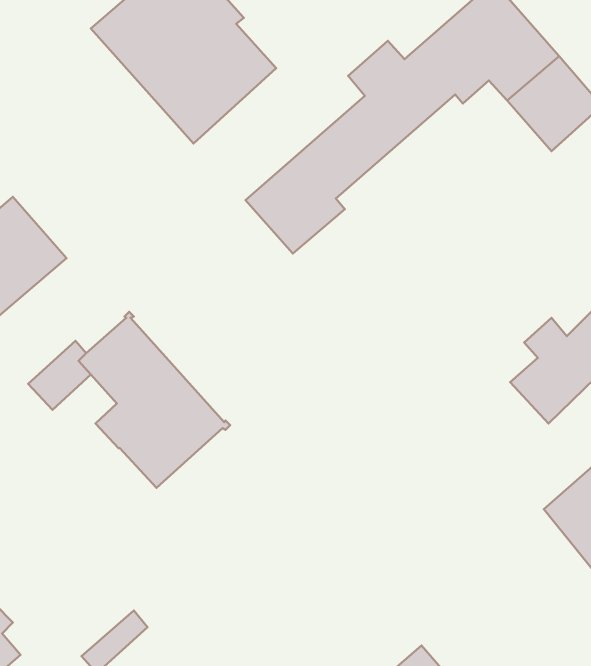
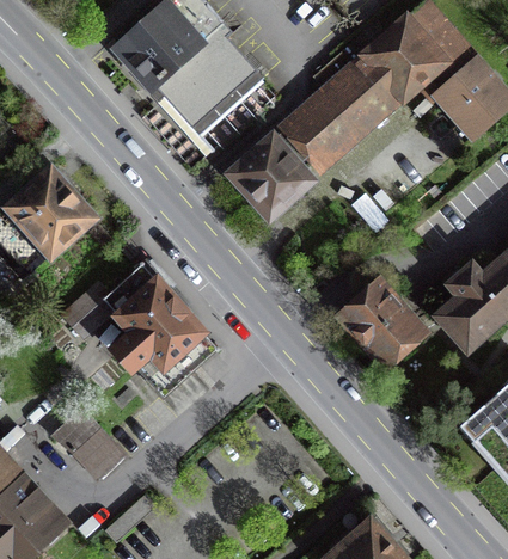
building: none -> [343,283,422,363]
building: none -> [54,410,123,478]

